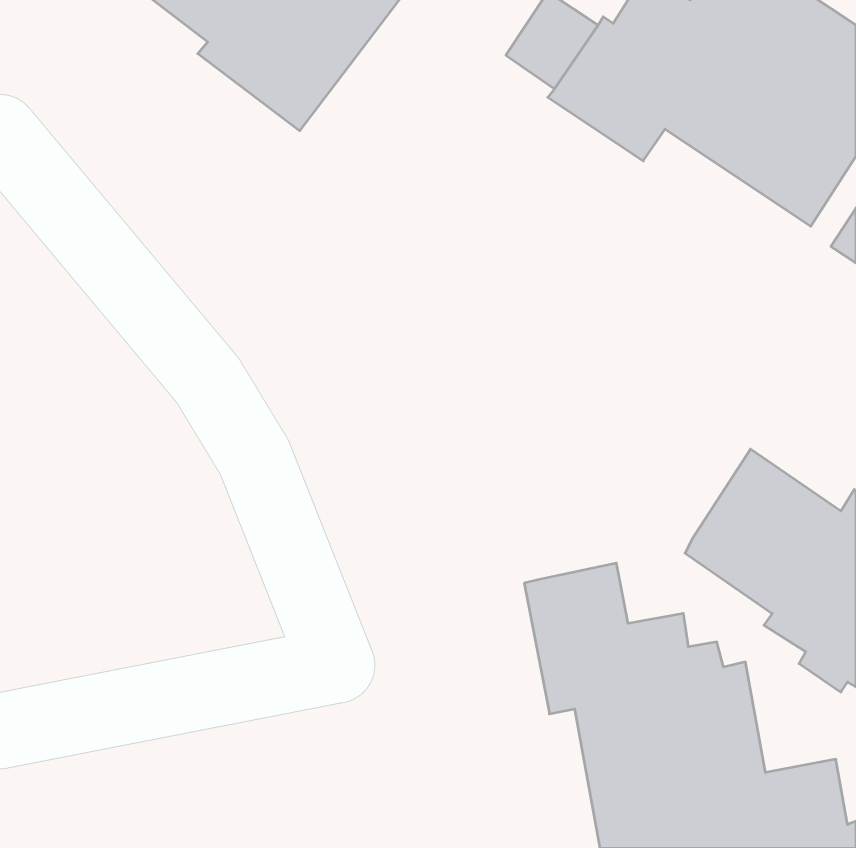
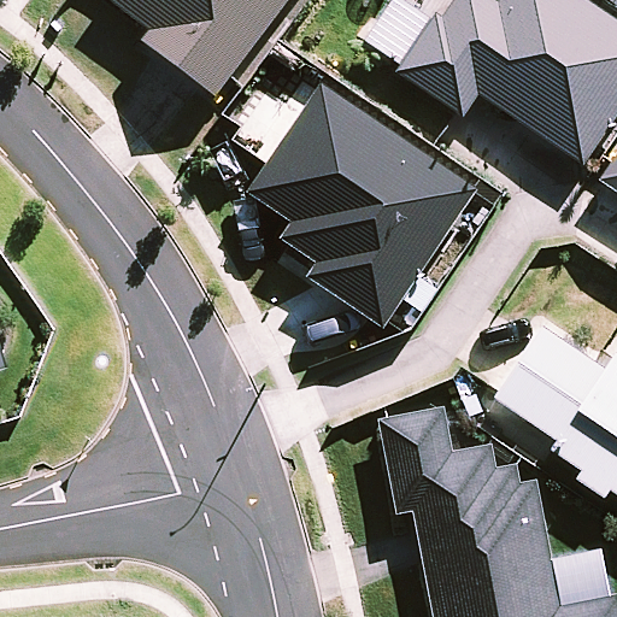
building: none -> [248,83,477,325]

